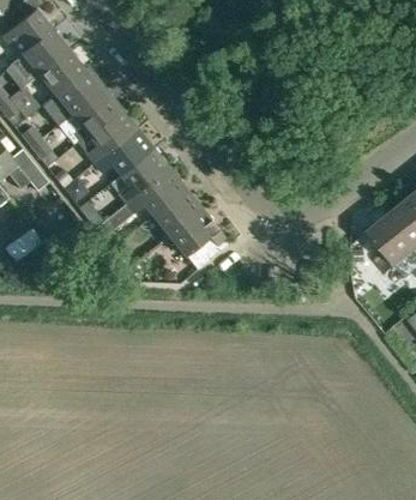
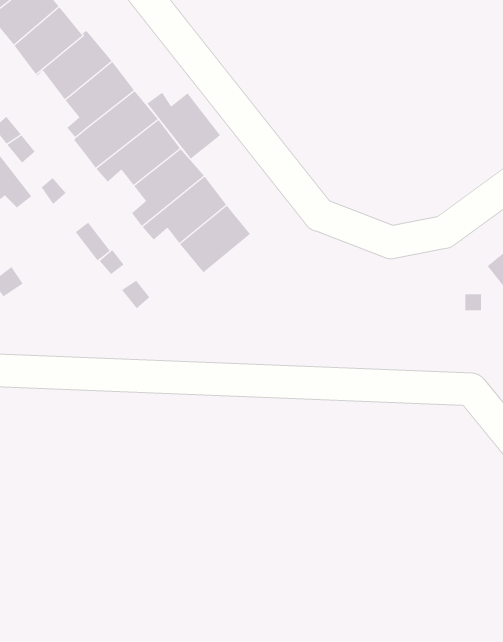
building: none -> [147,92,221,160]
building: [168,209,227,267] -> none

